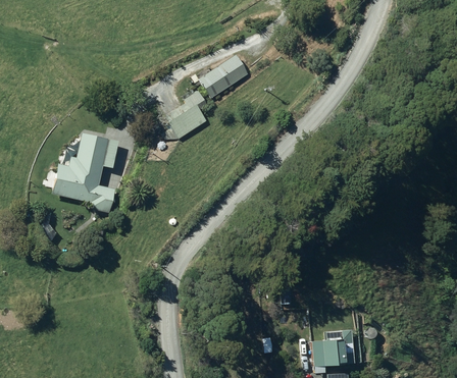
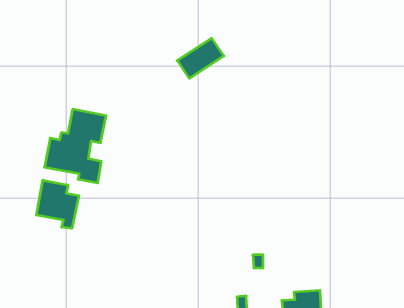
building: [161,90,207,142] -> none
building: none -> [36,180,79,228]

